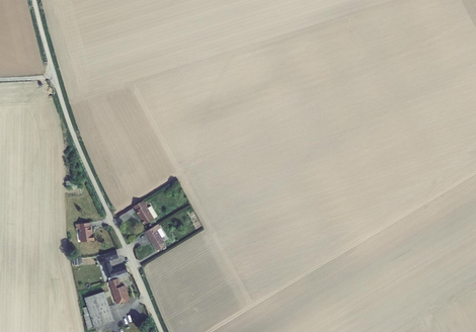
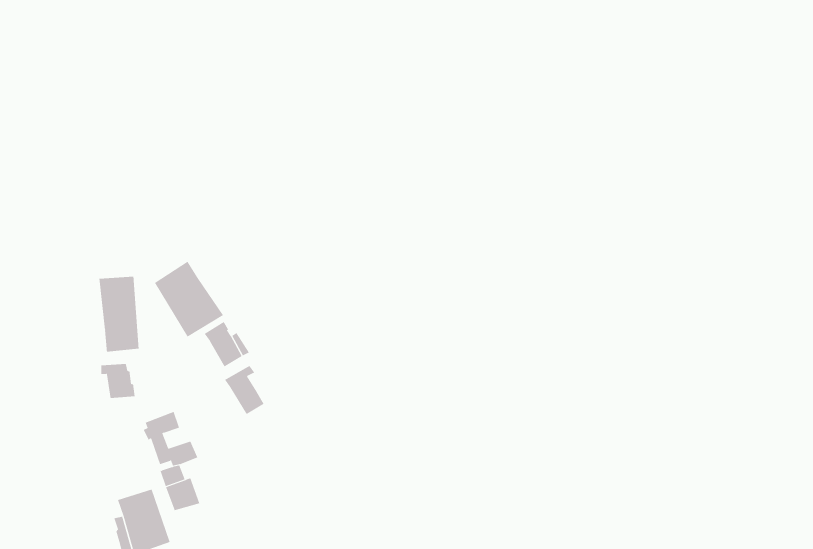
building: none -> [154,261,224,338]
building: none -> [99,276,139,353]

